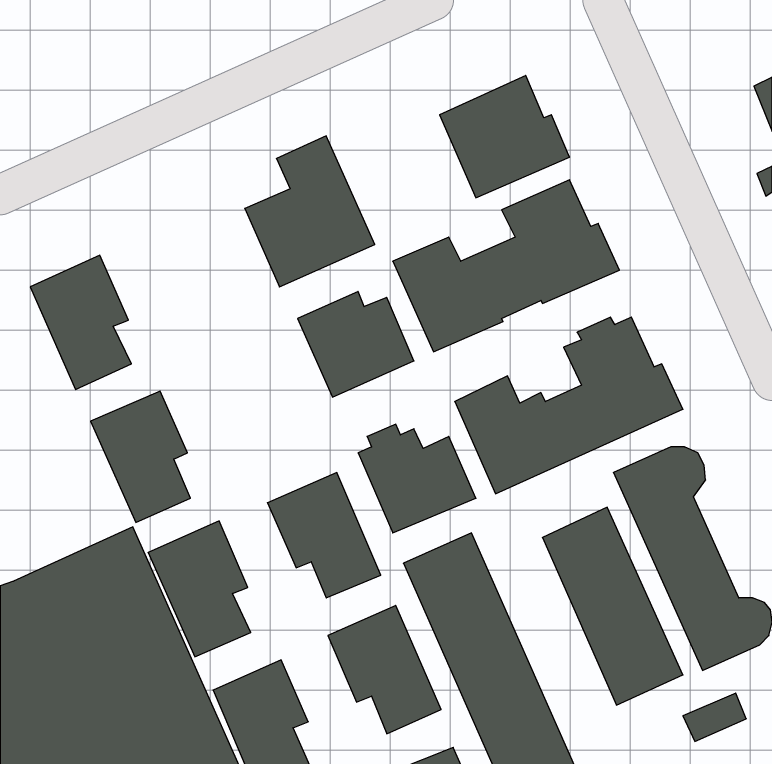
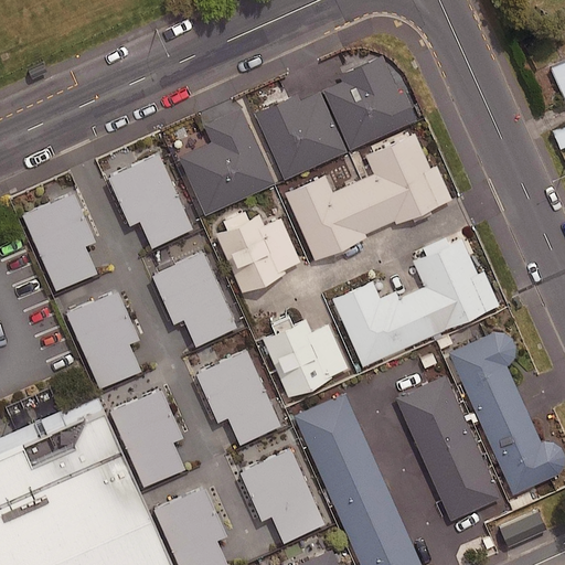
building: none -> [254,89,348,180]
building: none -> [108,153,191,246]
building: none -> [152,254,235,344]

